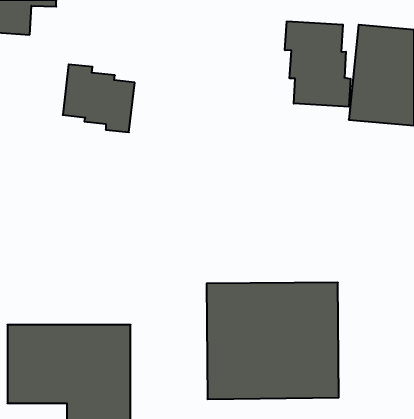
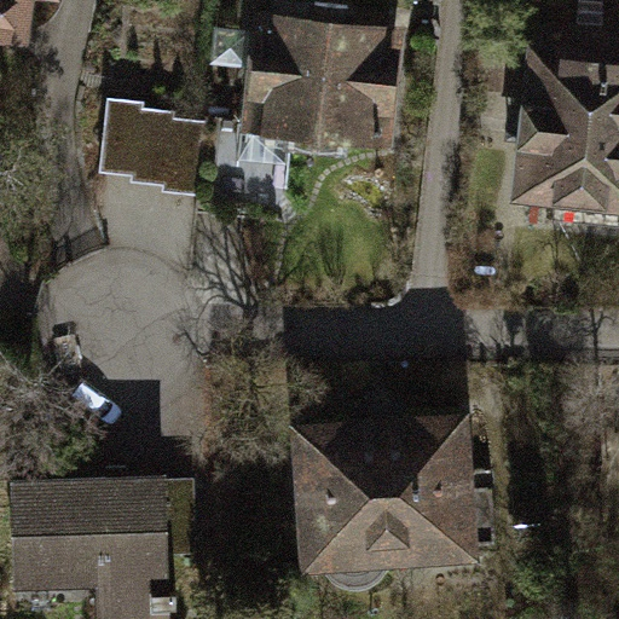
building: none -> [249,11,381,138]
building: [285,21,351,107] -> none

